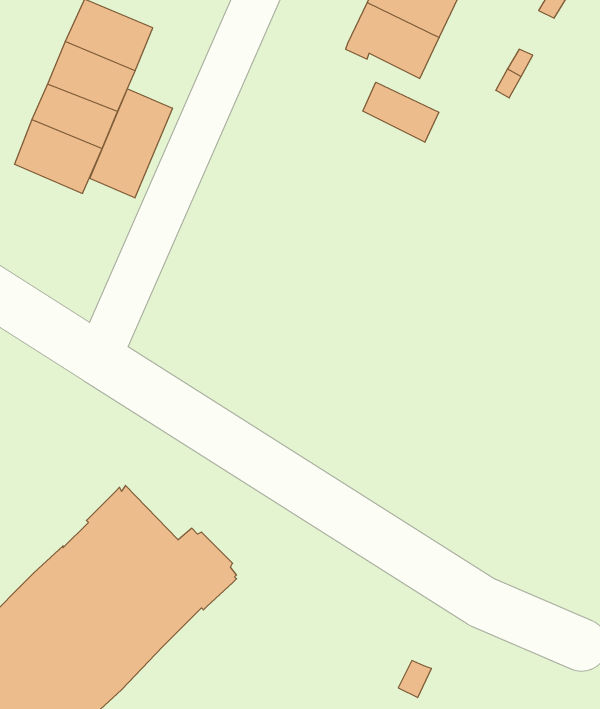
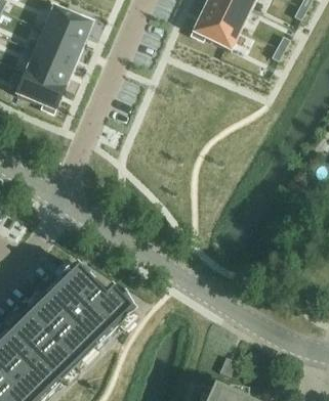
building: [363,82,439,142] -> none
building: [90,89,172,198] -> none

